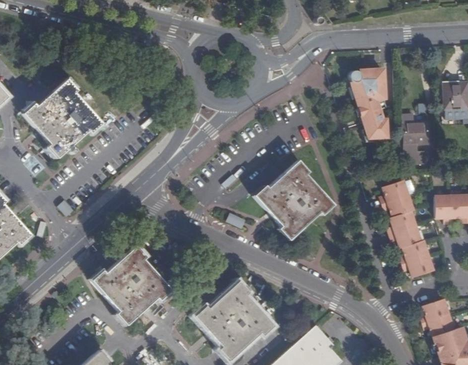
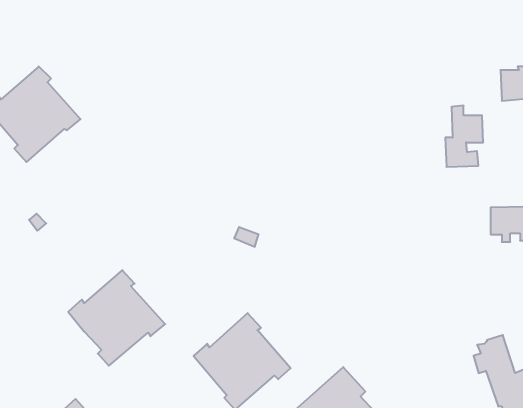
building: [347,68,387,137] -> none
building: [254,161,332,239] -> none
building: [380,179,434,276] -> none

